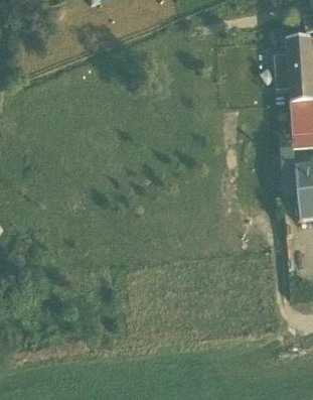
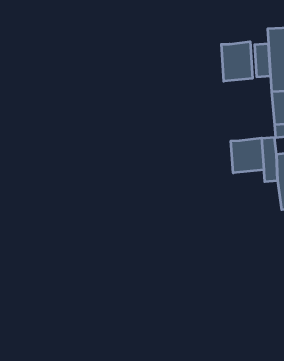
building: none -> [221,42,252,81]
building: none -> [231,138,264,173]

